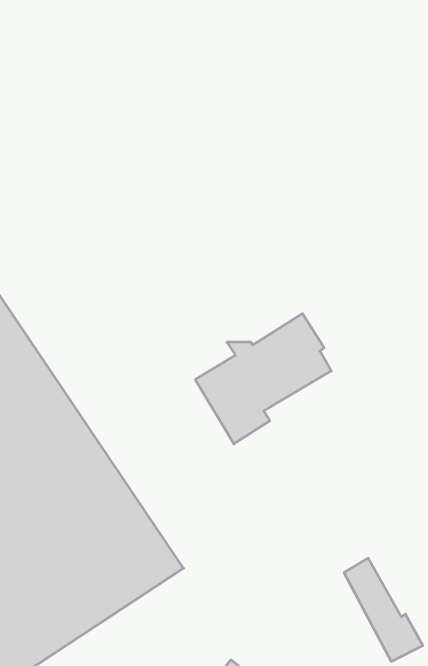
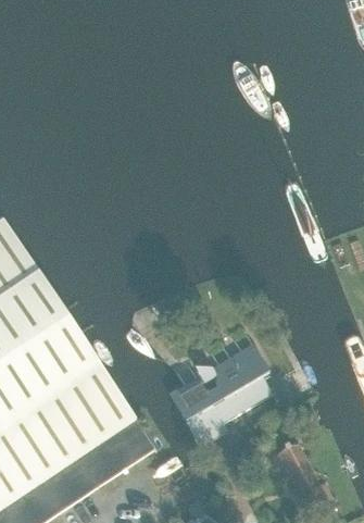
building: [195,314,331,444] -> [171,343,274,441]

